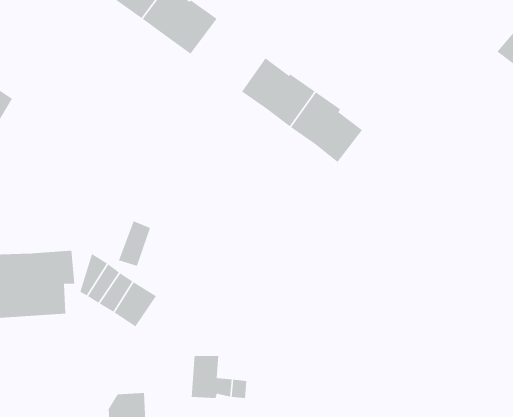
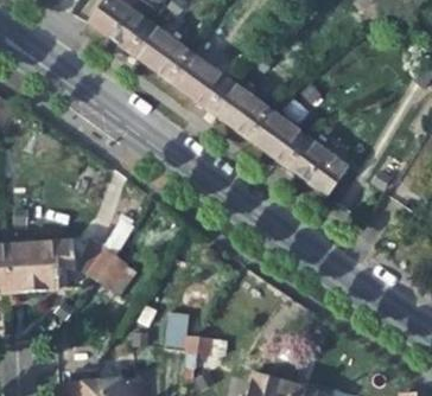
building: none -> [167,51,227,109]
building: none -> [285,140,347,196]

